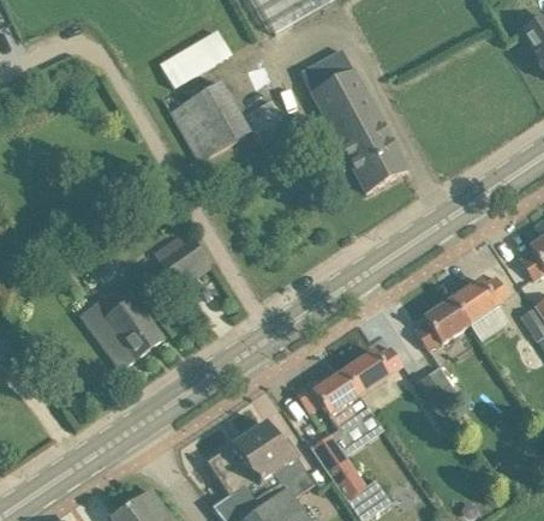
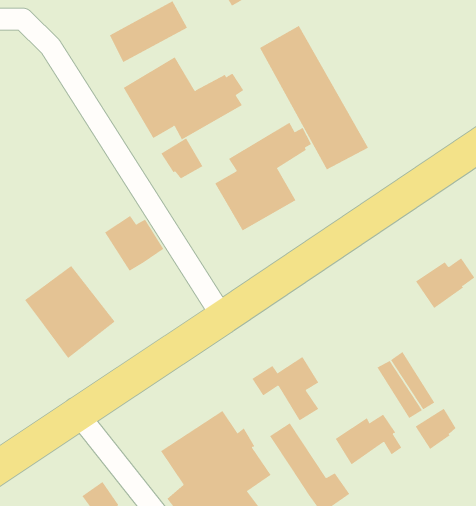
building: none -> [215,122,312,231]
building: none -> [160,138,203,181]
building: [414,298,470,349] -> none
building: [343,346,408,395] -> [335,414,402,465]
building: none -> [415,408,458,450]

